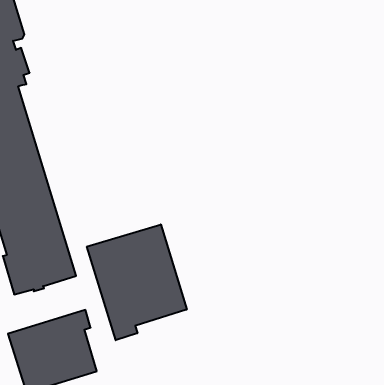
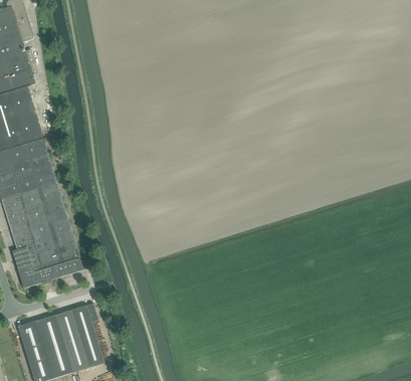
building: [87,224,187,340] -> none

